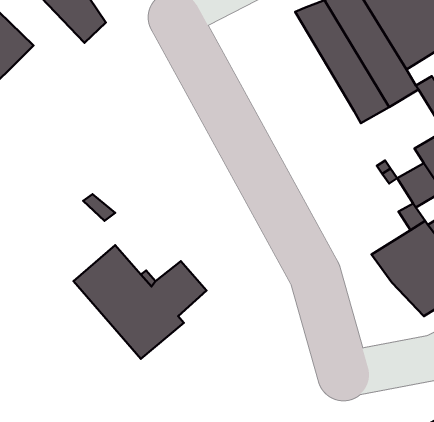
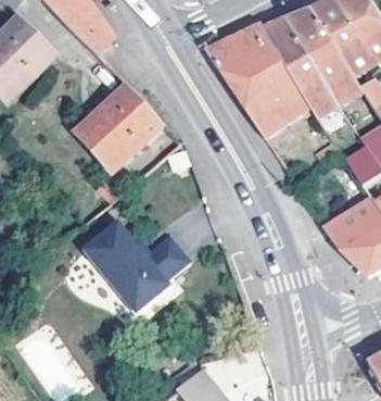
building: none -> [206,23,310,136]
building: none -> [77,83,160,171]

